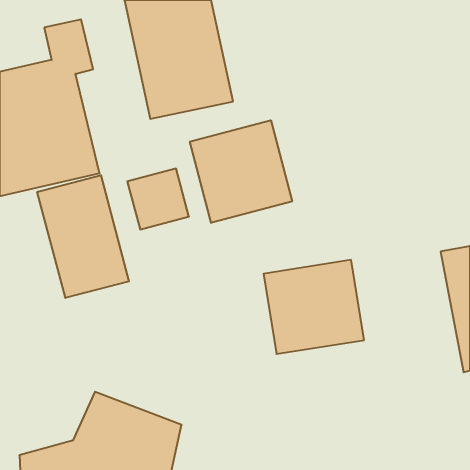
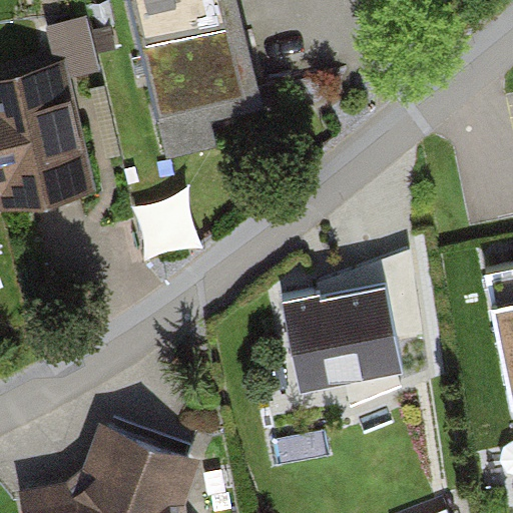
building: [190,120,292,223] -> none
building: [37,175,129,298] -> none

